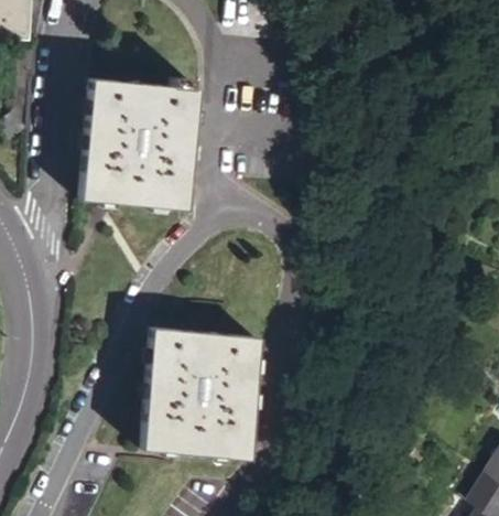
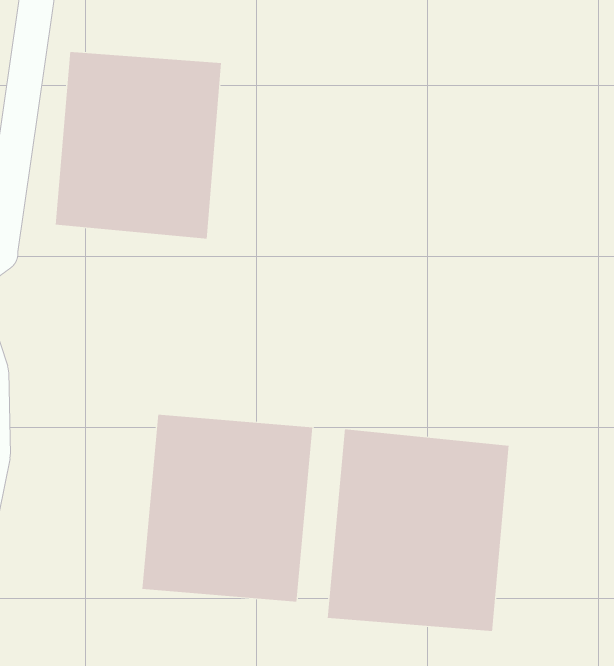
building: none -> [327,429,509,632]

